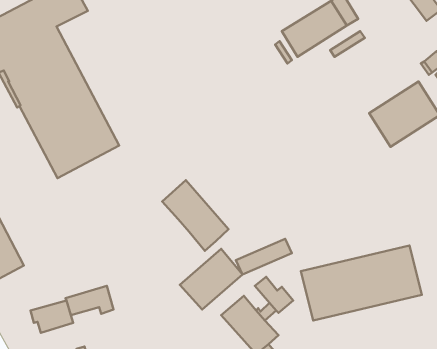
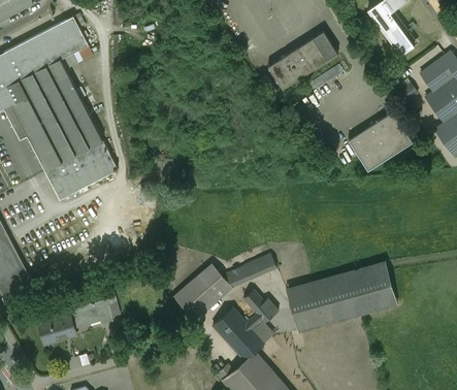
building: [162,180,229,251] -> none

